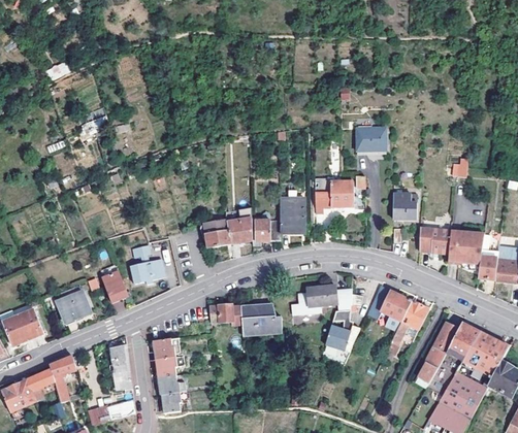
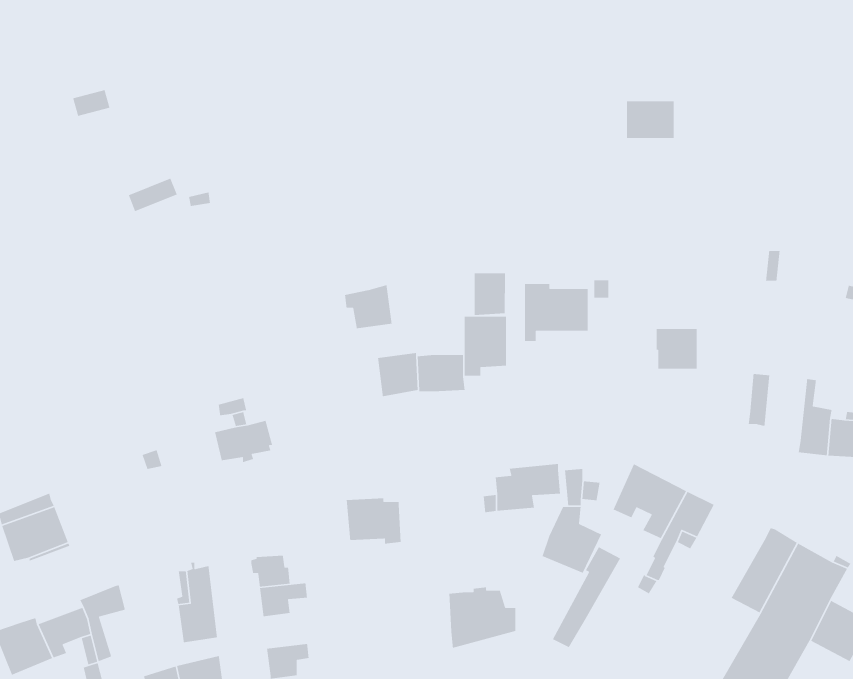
building: [357,126,386,148] -> [626,101,675,139]
building: none -> [474,272,506,316]
building: [201,221,230,247] -> [344,284,392,329]
building: [420,226,451,253] -> none
building: [458,231,483,270] -> none
building: [100,263,128,301] -> none
building: [57,287,91,323] -> none
building: [240,304,281,341] -> [449,586,516,649]
building: [417,321,458,381] -> [552,546,621,648]
building: [159,373,186,394] -> none

